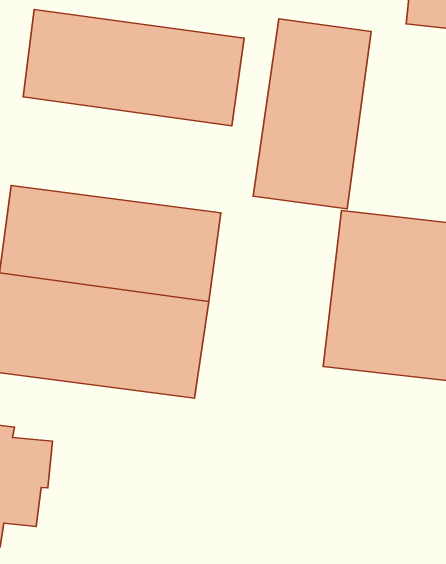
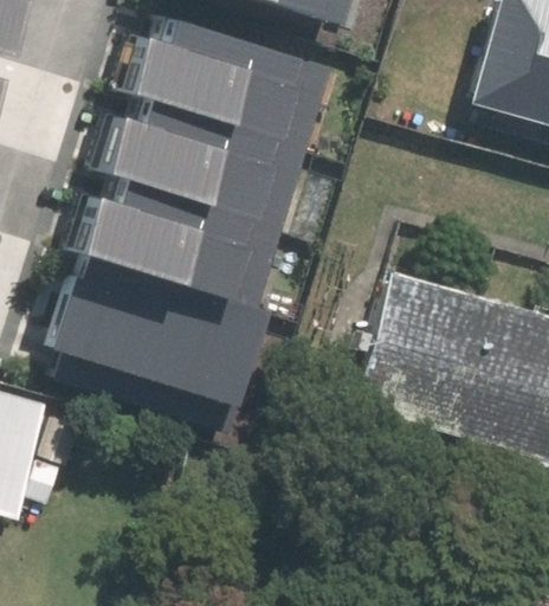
building: [253,19,371,209] -> none
building: none -> [88,105,302,244]

